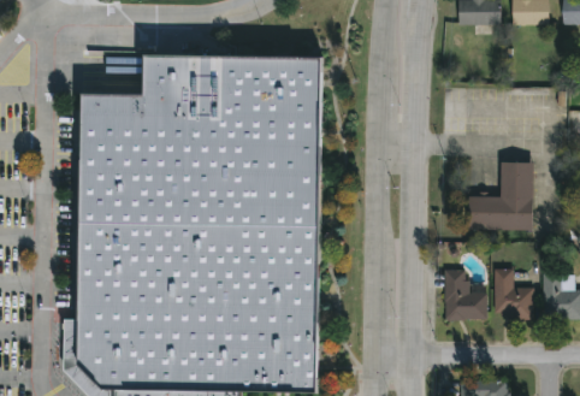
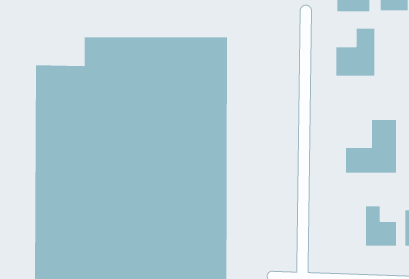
building: none -> [336,28,375,76]
building: [444,271,486,321] -> none

